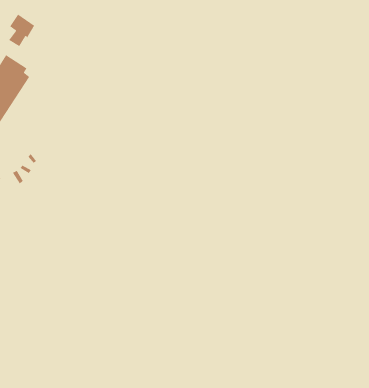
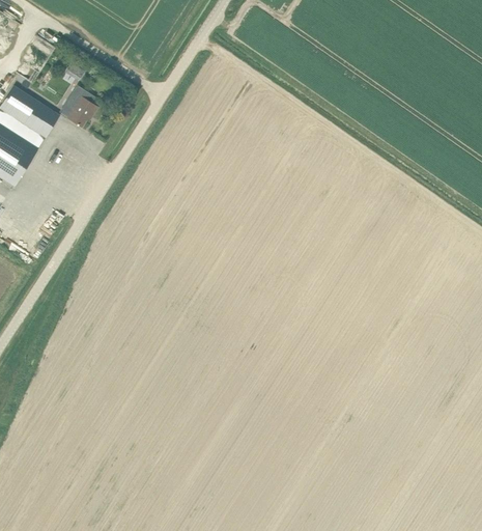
building: none -> [61,85,94,125]

